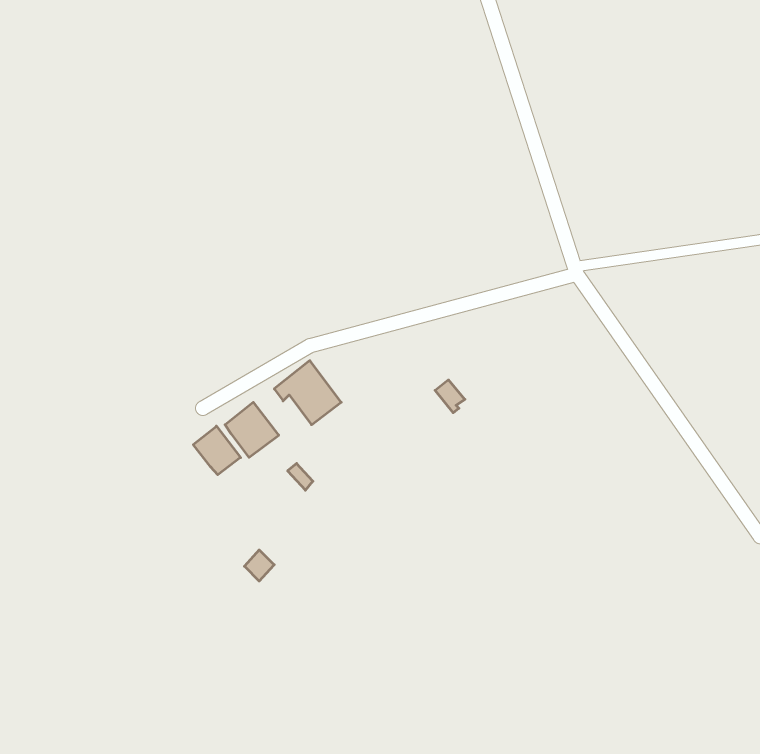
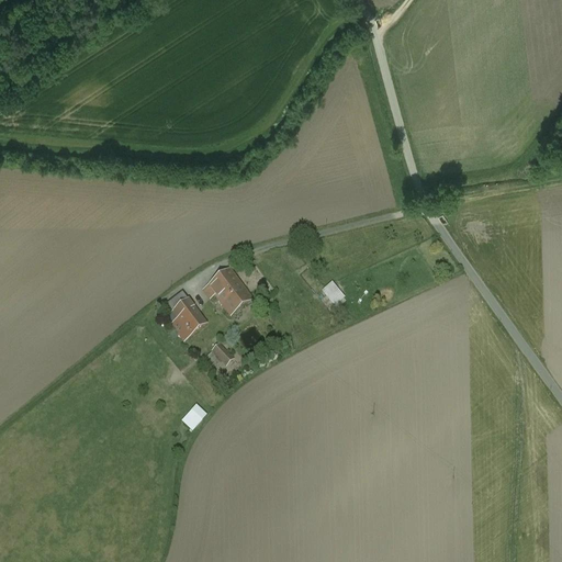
building: [193,426,241,475] -> none

